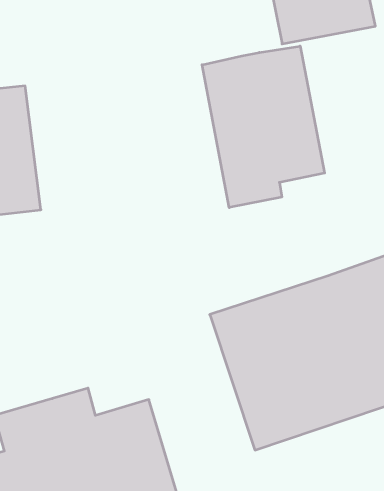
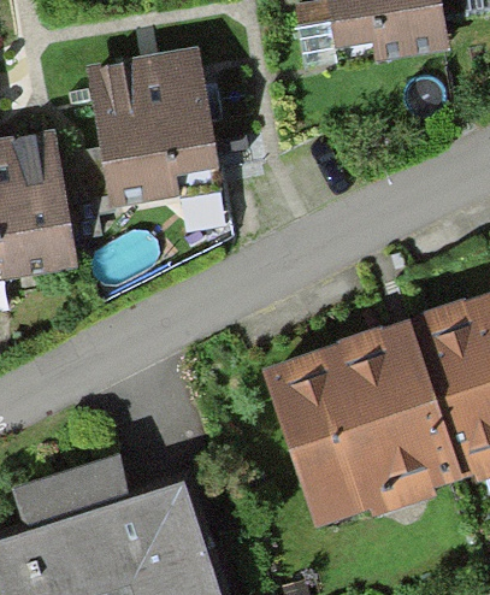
building: none -> [87,49,220,207]
building: [202,46,325,208] -> none

